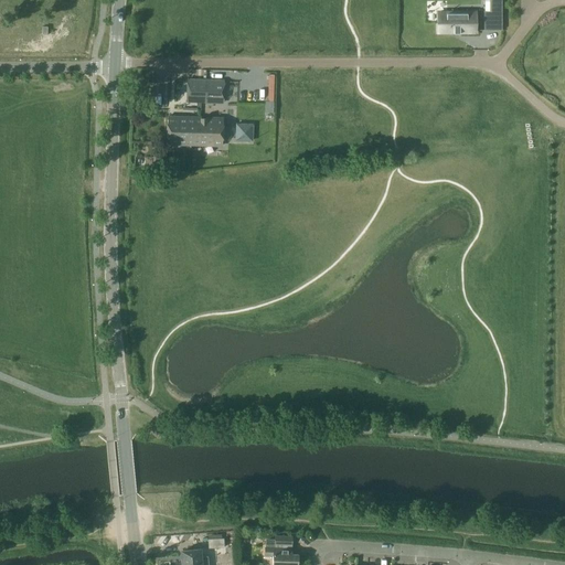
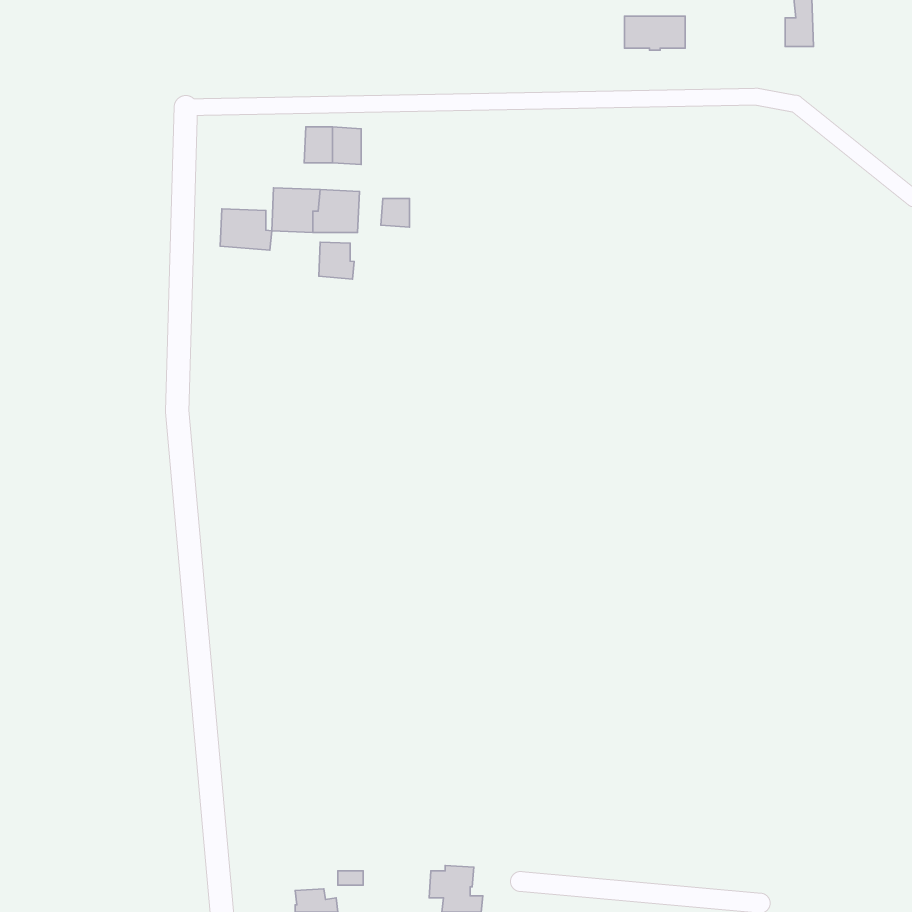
building: [439,11,477,32] -> [624,16,685,50]
building: none -> [220,209,272,250]
building: none -> [319,242,354,279]

